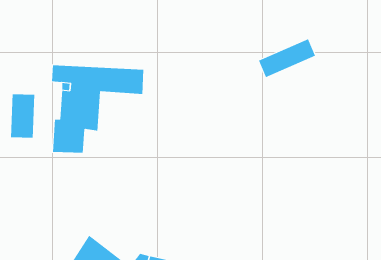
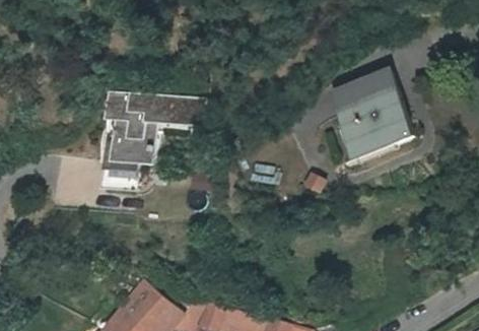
building: none -> [334,84,411,147]
building: [11,94,35,139] -> none

